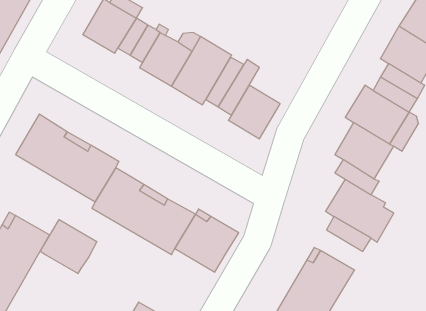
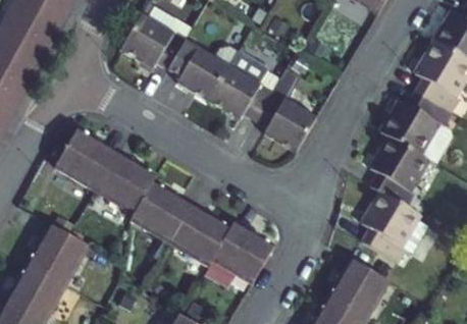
building: [40,220,97,274] -> none

